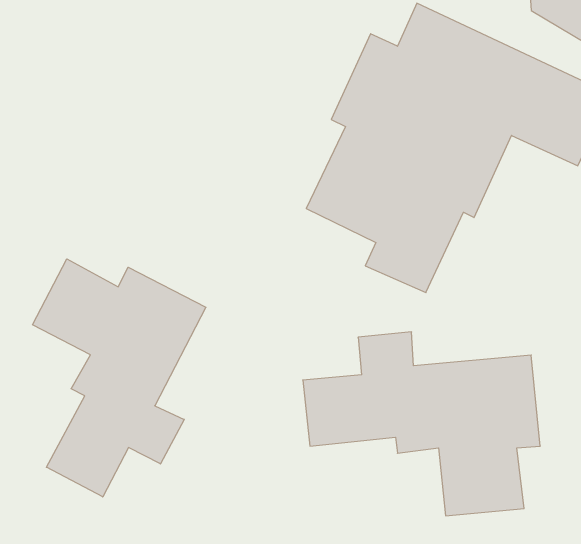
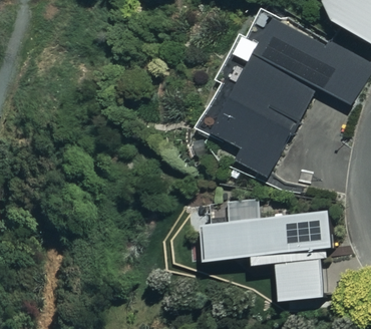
building: [33,259,206,497] -> none

